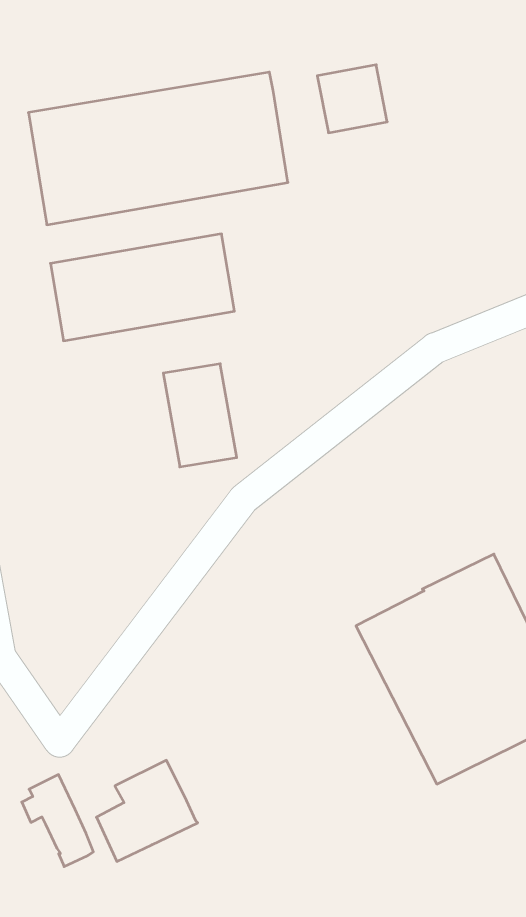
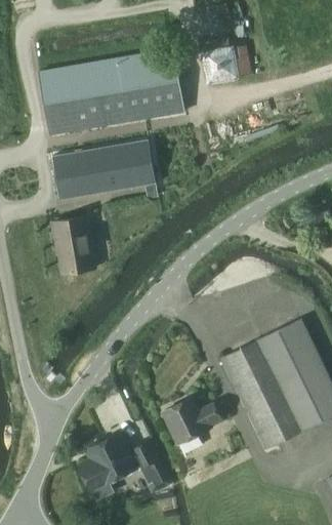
building: [163,364,237,467] -> [54,216,95,274]
building: none -> [162,397,221,442]
building: [22,775,93,867] -> [128,440,168,491]

